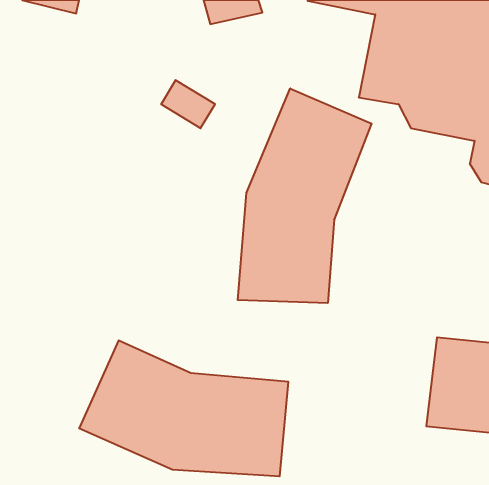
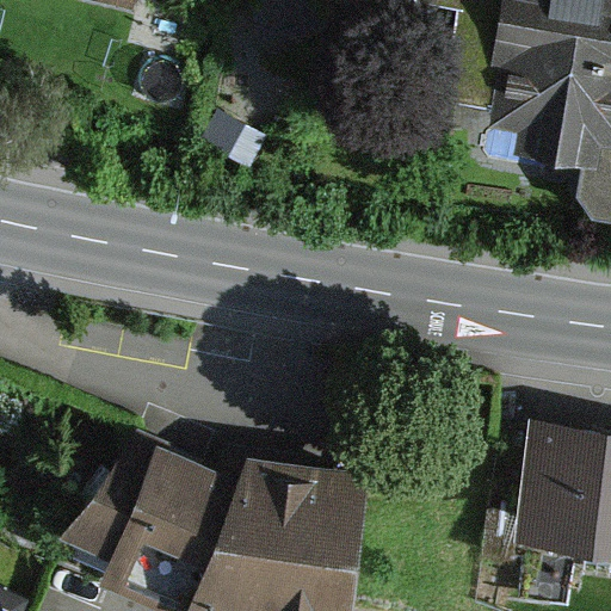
building: [238,88,372,303] -> none

